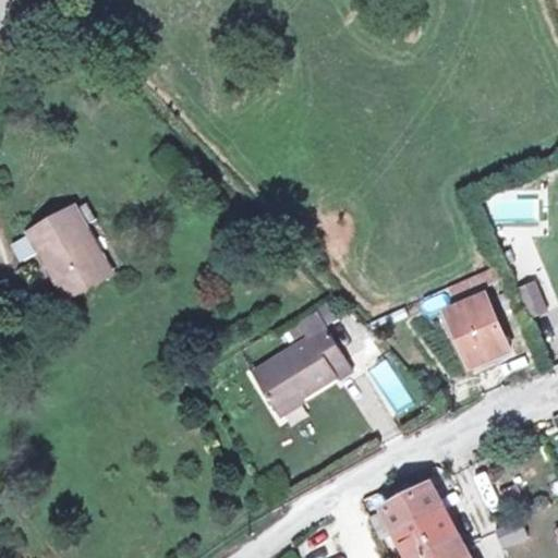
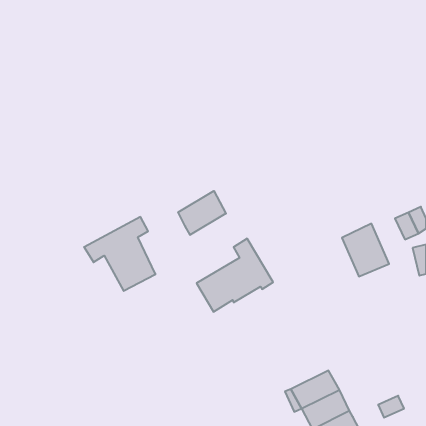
building: [17,195,110,291] -> [84,217,156,291]
building: none -> [178,191,226,235]

